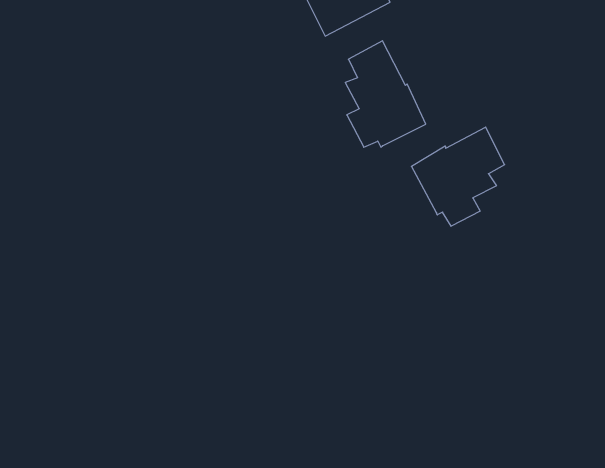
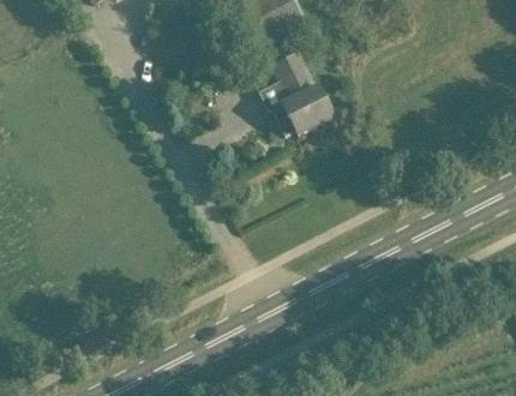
building: [411,127,505,226] -> none

